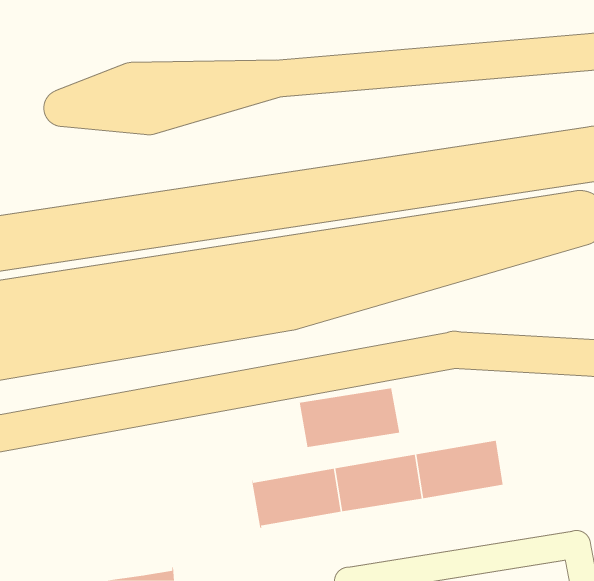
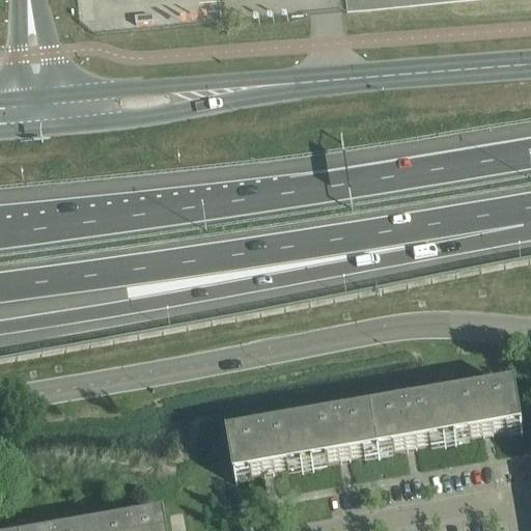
building: [299,387,400,448] -> none
building: none -> [439,374,518,428]

